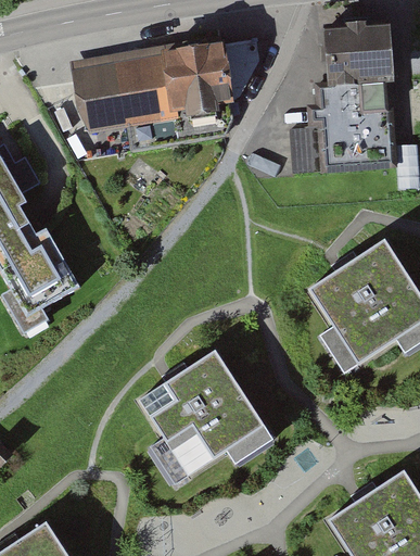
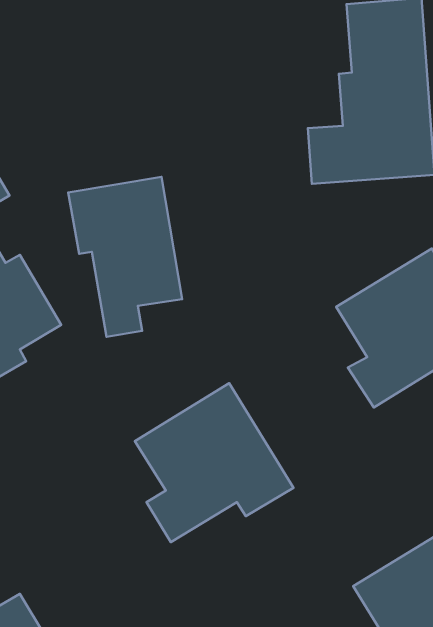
building: [72,34,260,134] -> none
building: none -> [68,177,182,337]

